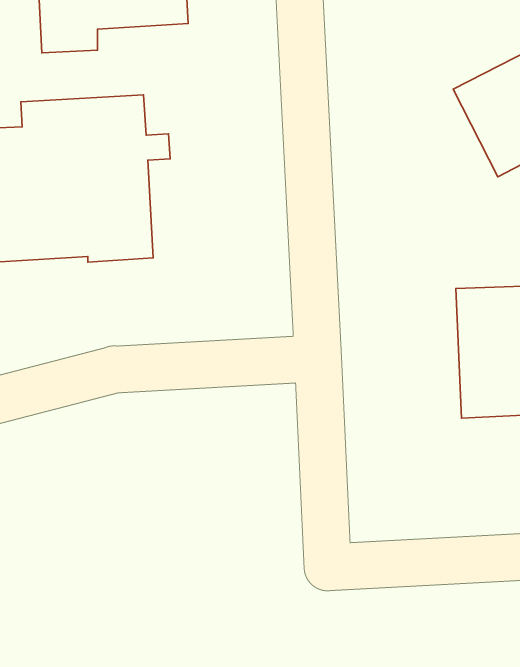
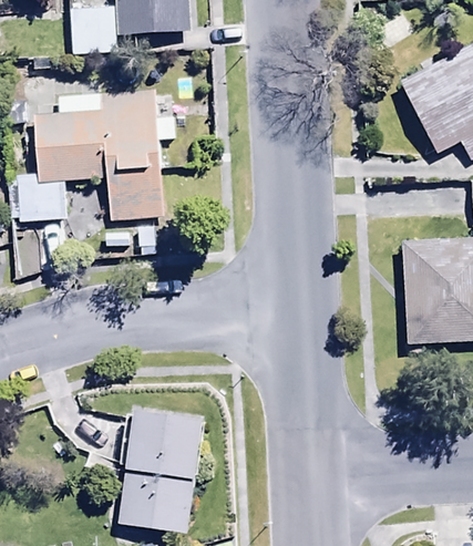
building: none -> [119,411,202,532]

